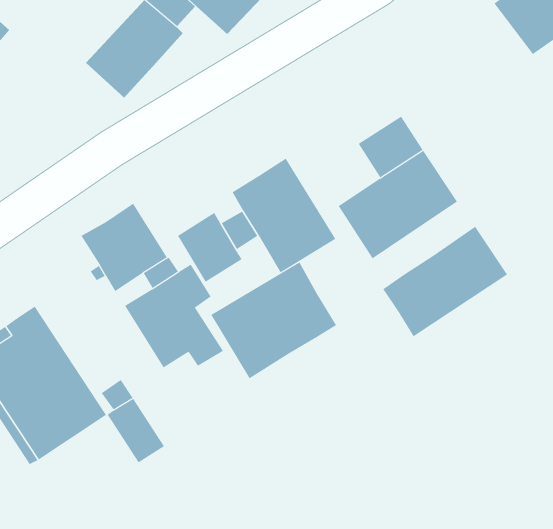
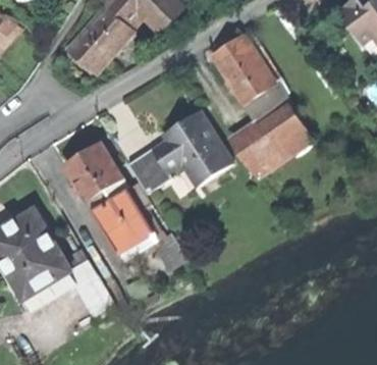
building: none -> [214,36,274,102]
building: [382,226,508,337] -> none
building: [211,262,337,379] -> none

